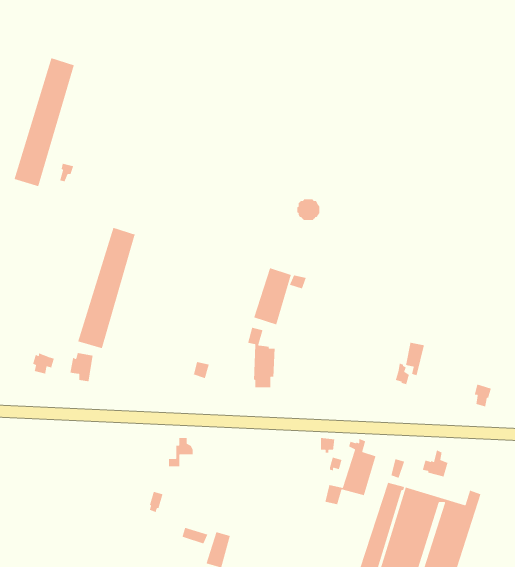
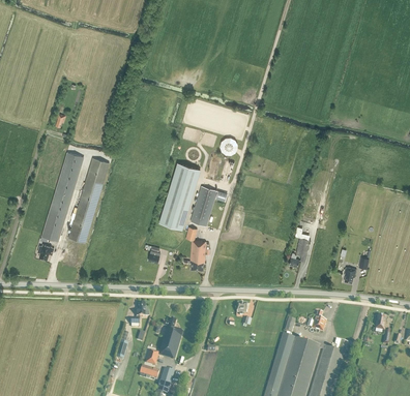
building: [14,57,75,187] -> [40,152,83,242]
building: none -> [158,163,199,230]
building: [324,438,377,505] -> [146,319,182,366]

